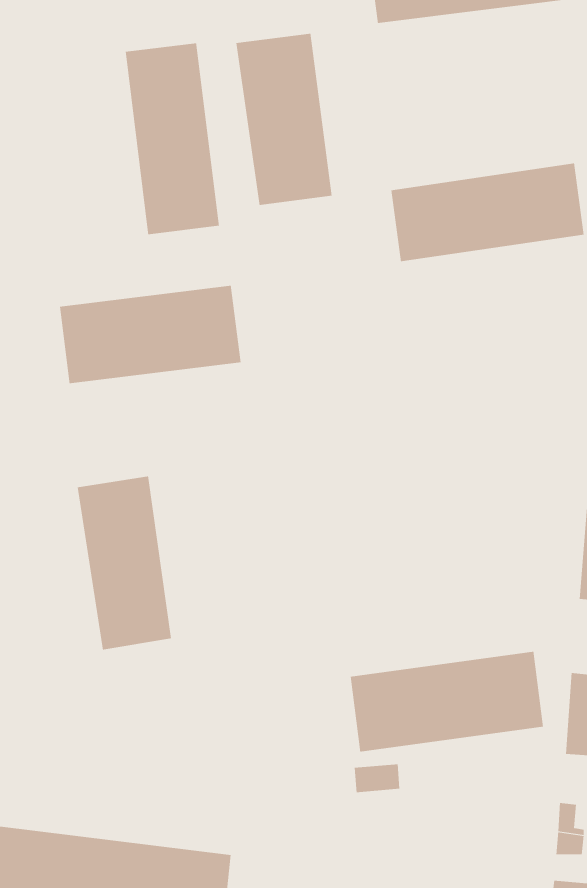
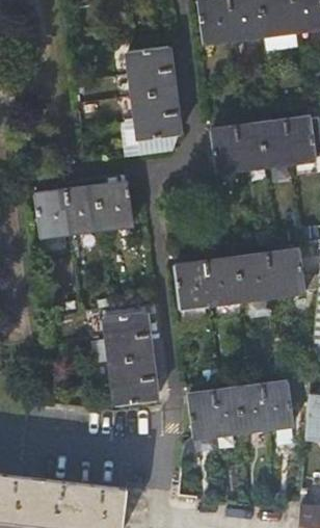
building: [125,42,219,235] -> none
building: none -> [176,246,308,306]
building: [77,476,172,650] -> [106,312,157,405]

